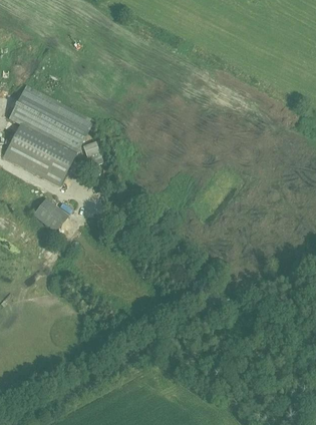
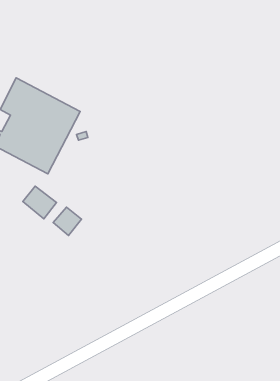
building: none -> [53,207,81,235]

